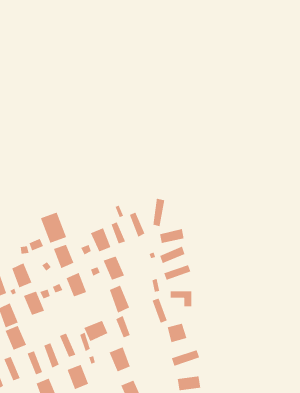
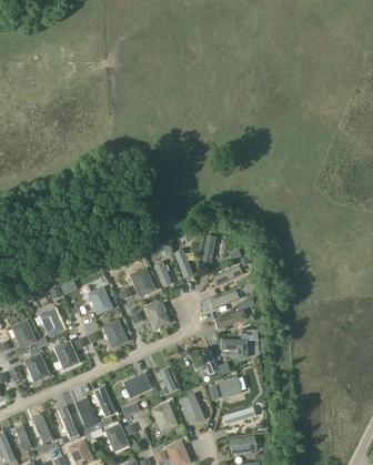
building: [40,212,67,244] -> none
building: [109,285,130,314] -> [181,393,205,426]
building: [4,325,27,351] -> none

